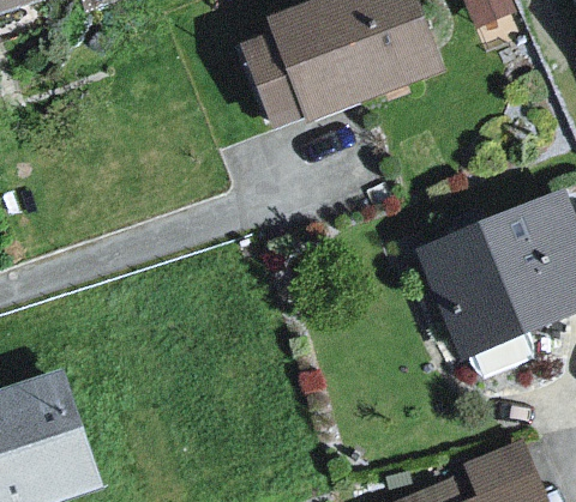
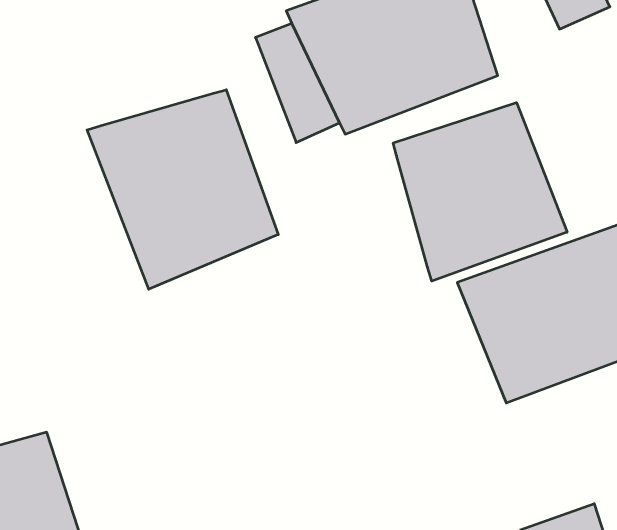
building: none -> [87,90,278,289]
building: none -> [393,103,567,281]

